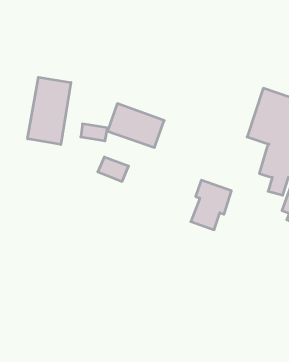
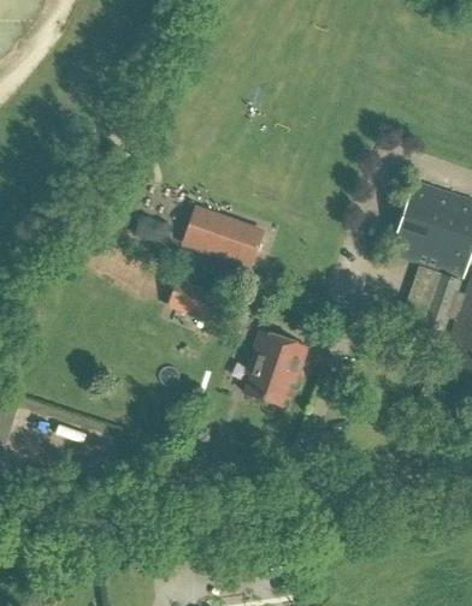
building: [28,77,71,145] -> none
building: [191,180,231,230] -> [247,331,307,404]

